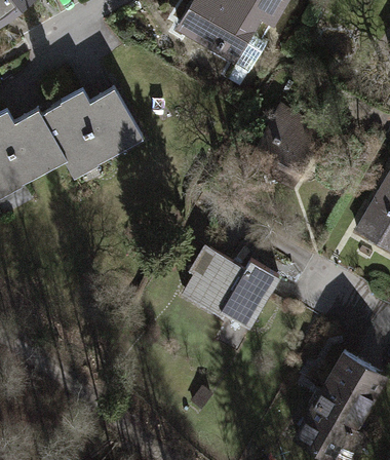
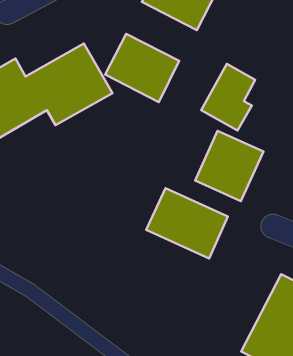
building: none -> [105,34,179,102]
building: none -> [195,131,263,201]

